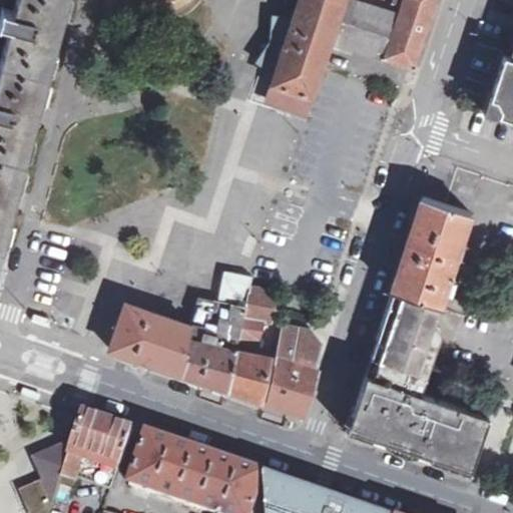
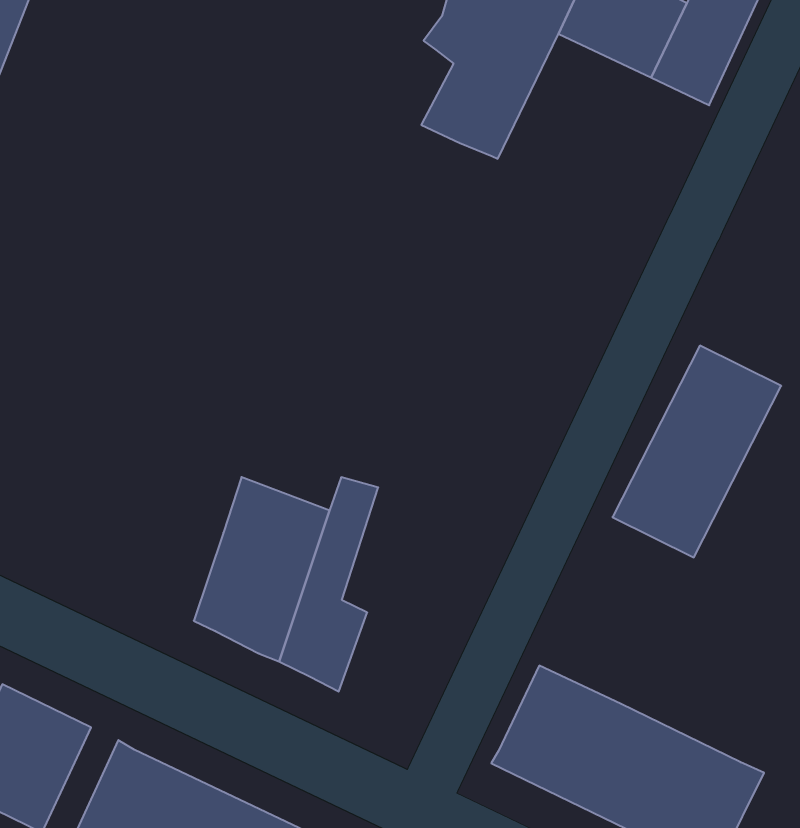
building: [363,291,437,388] -> none
building: [108,301,189,371] -> none
building: [265,324,316,412] -> none

